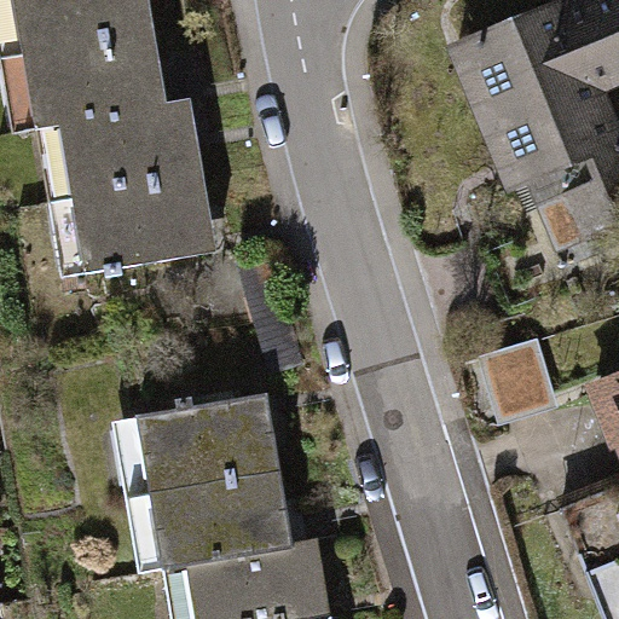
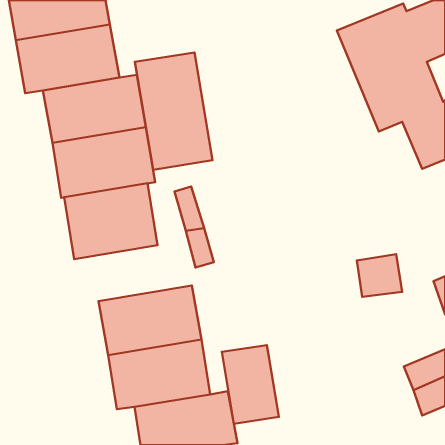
building: none -> [135,52,213,170]
building: none -> [64,183,157,259]
building: none -> [222,345,279,424]

